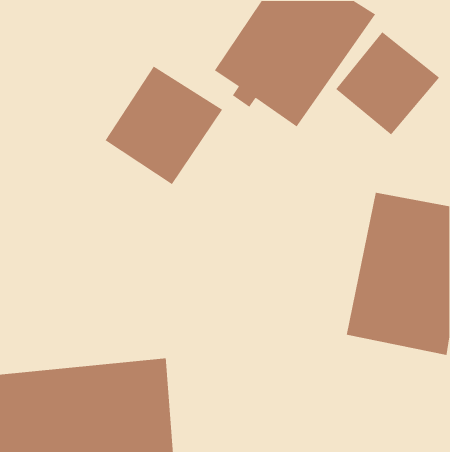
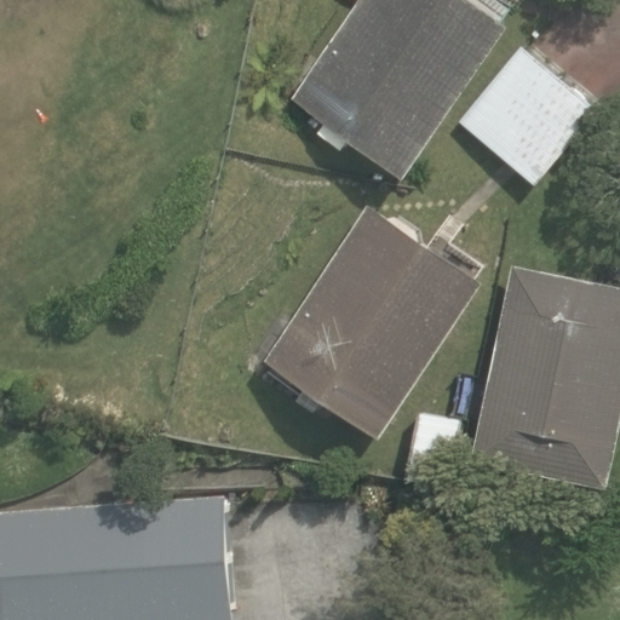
building: [105,66,223,185] -> none
building: none -> [262,202,486,438]

